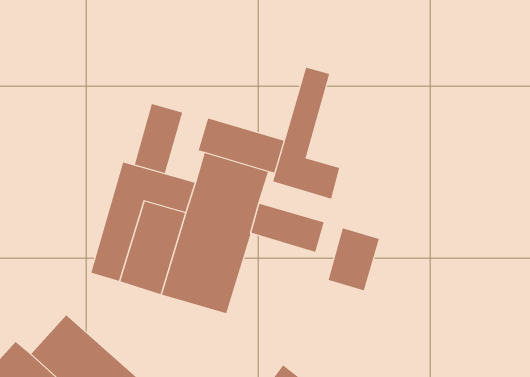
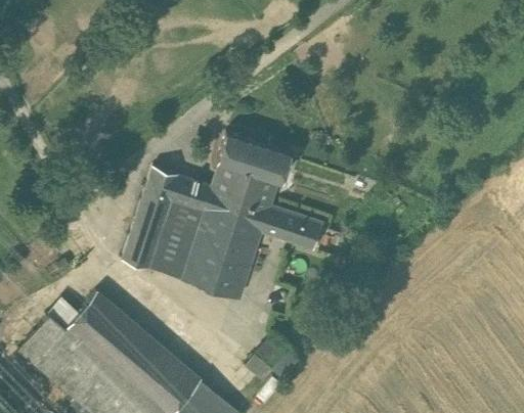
building: [272,67,340,199] -> none
building: [134,103,183,174] -> none
building: [327,228,379,291] -> none

